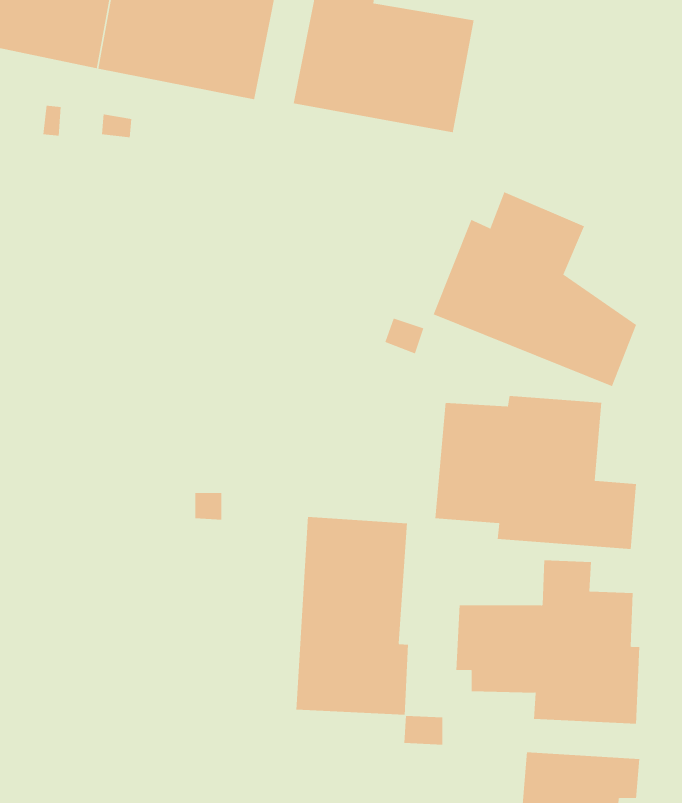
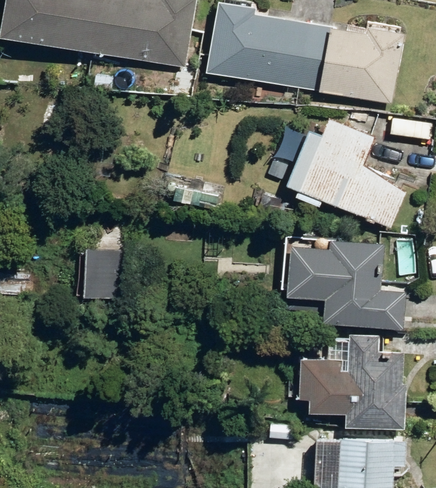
building: none -> [297,22,403,104]
building: none -> [83,249,114,296]
building: [296,516,408,716] -> none

